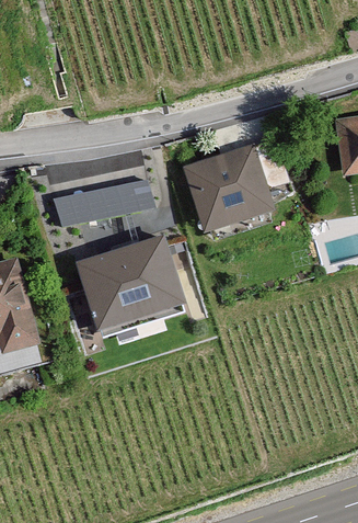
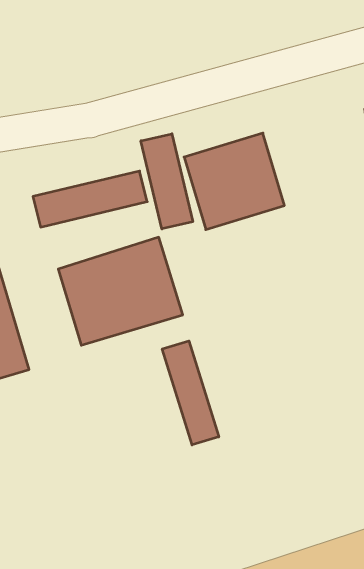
building: none -> [141,134,193,229]
building: none -> [162,341,219,445]

